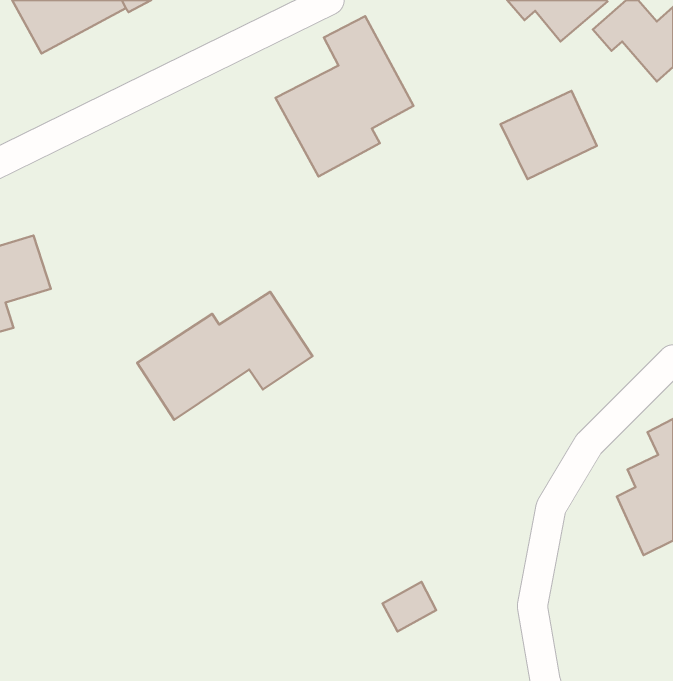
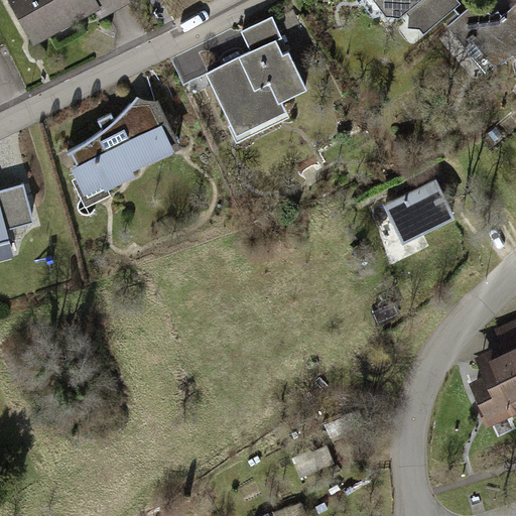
building: [501,91,597,179] -> [376,179,448,246]
building: none -> [67,98,184,201]
building: [137,292,313,420] -> none

